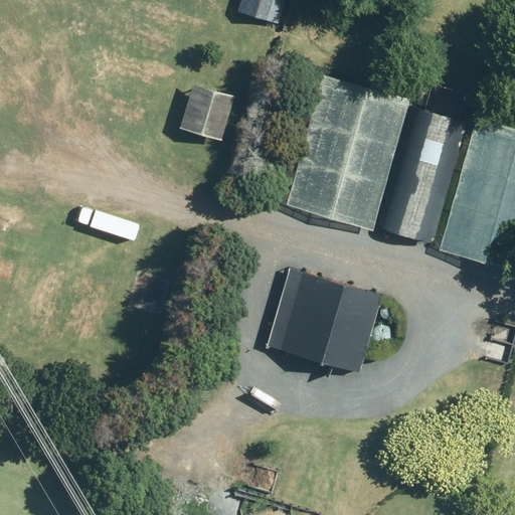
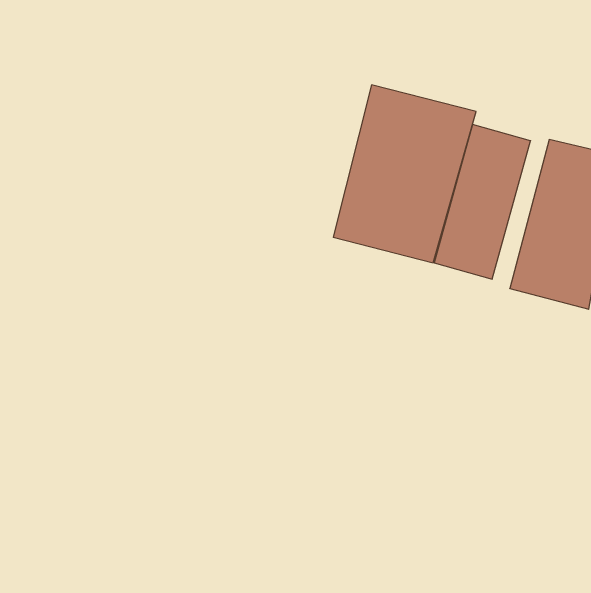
building: [173,83,227,140] -> none
building: [262,268,377,372] -> none

